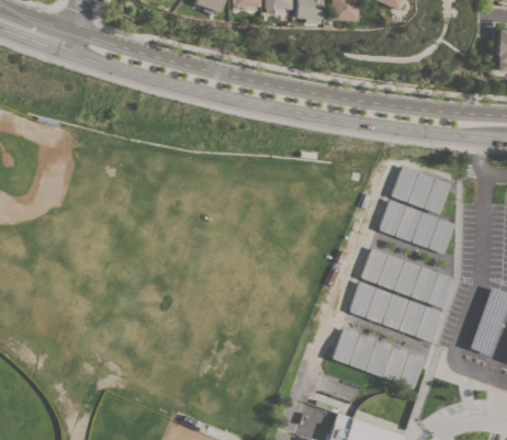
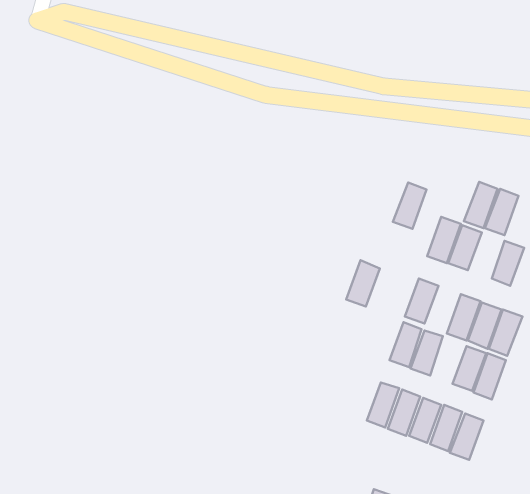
building: [393,166,419,202] -> [393,182,427,229]
building: [415,212,440,248] -> none
building: [380,253,406,290] -> [346,260,380,306]
building: [384,294,410,330] -> none

